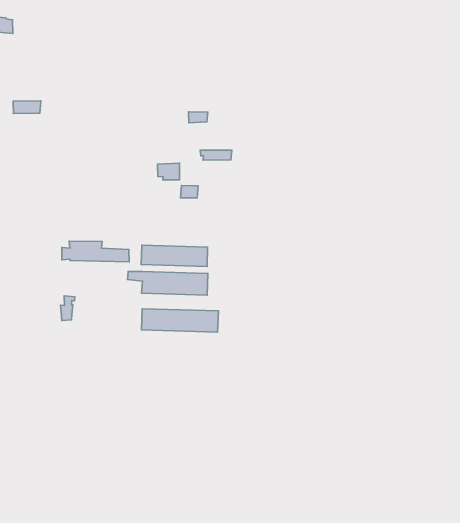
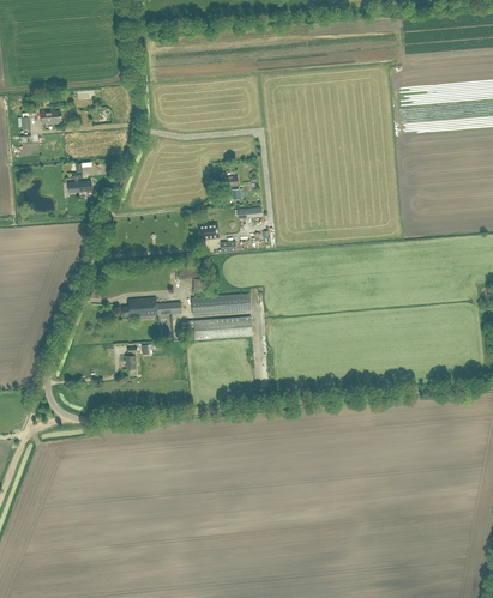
building: [141,309,218,332] -> none

